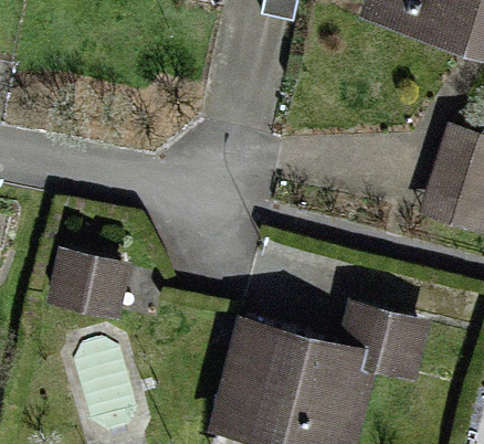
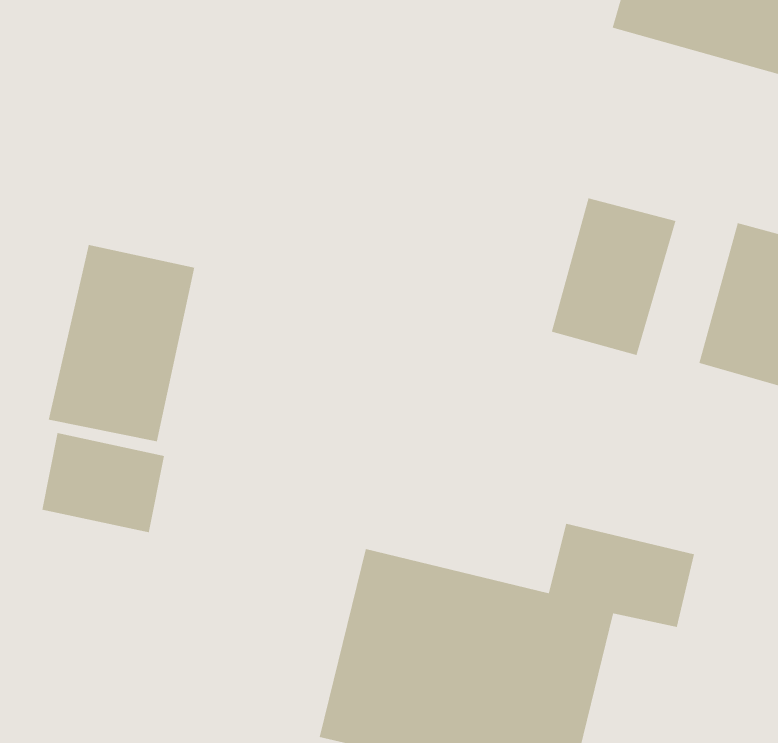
building: none -> [551,198,676,356]
building: none -> [48,244,195,442]

